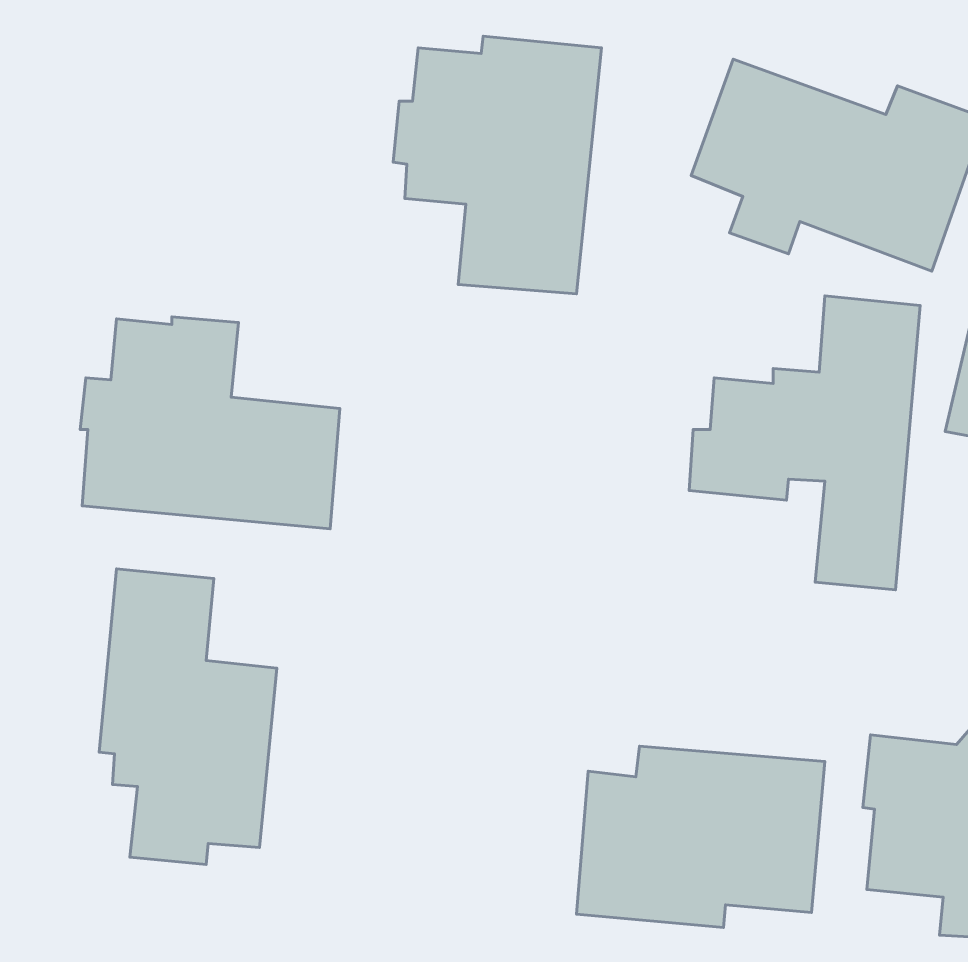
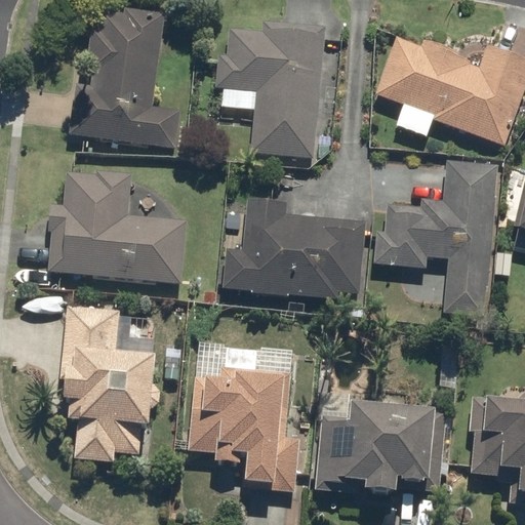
building: none -> [69,7,181,148]
building: none -> [221,198,365,300]
building: none -> [187,345,301,493]

